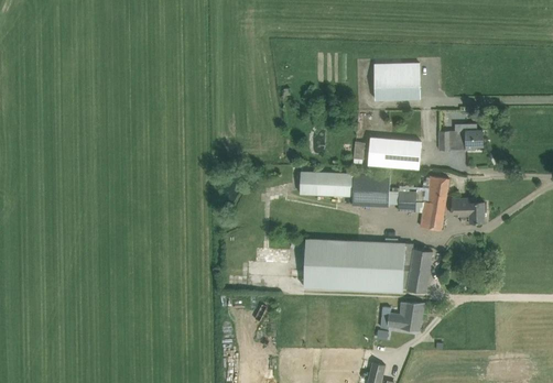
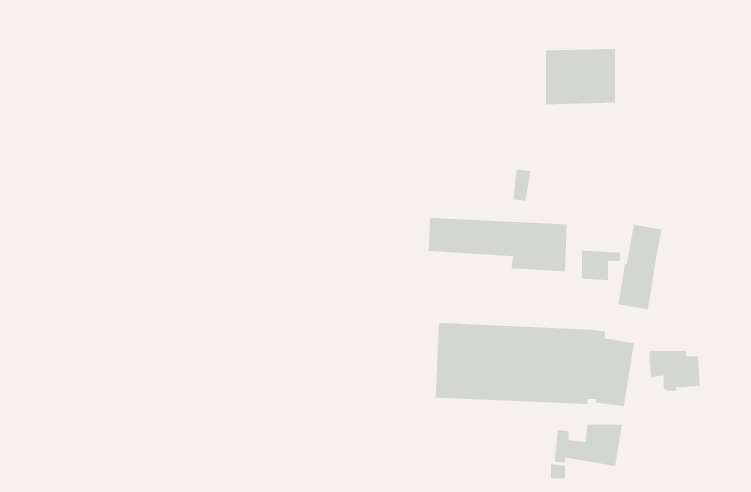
building: [369,131,421,162] -> none
building: [440,131,482,151] -> none
building: [452,199,485,226] -> [649,350,701,392]

